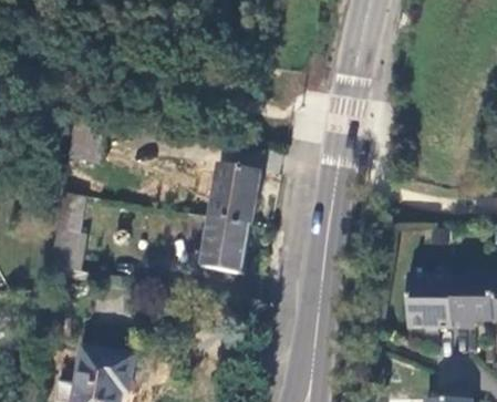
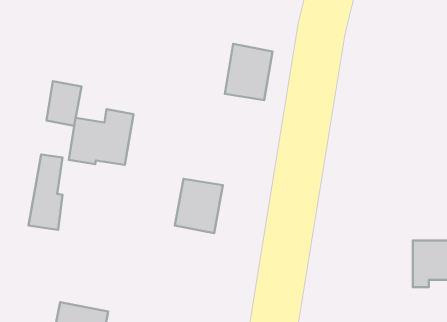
building: none -> [69,109,134,165]
building: [211,164,261,223] -> [225,44,273,100]
building: [405,276,451,329] -> none

